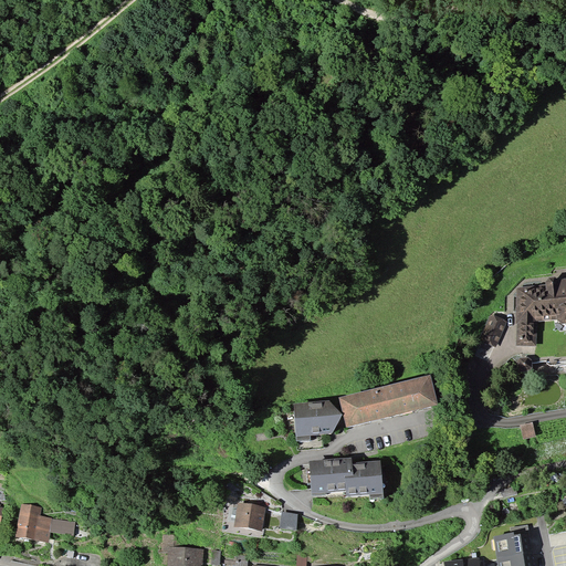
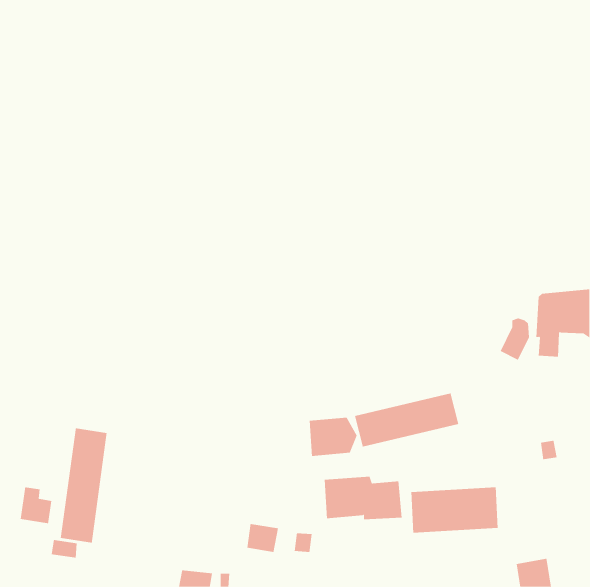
building: none -> [60,427,107,544]
building: none -> [411,487,498,533]
building: [17,504,48,539] -> [20,487,52,524]

